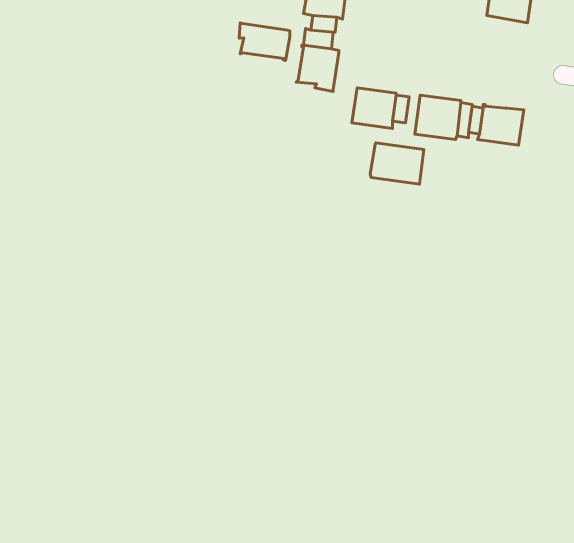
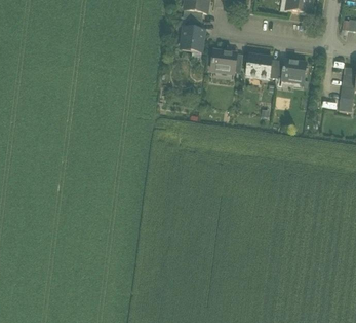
building: [239,23,290,60] -> none
building: [370,143,424,184] -> none

